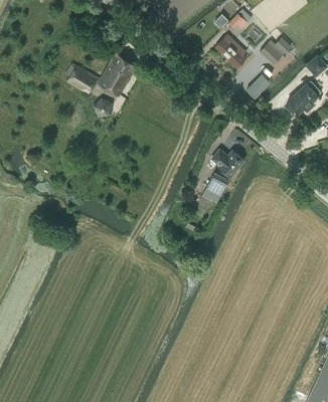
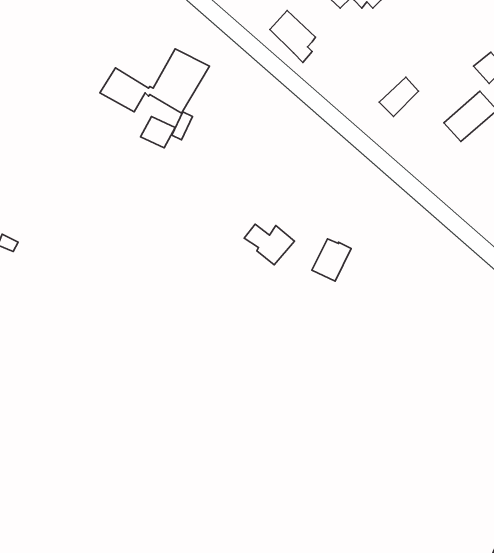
building: [215,35,244,68] -> [270,11,315,62]
building: [260,38,291,65] -> none
building: [211,150,243,176] -> [244,224,295,265]

